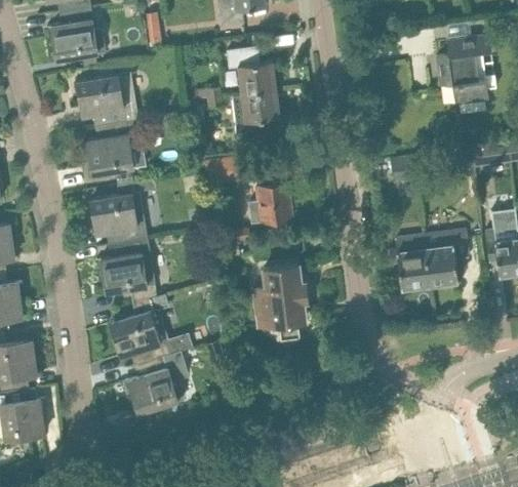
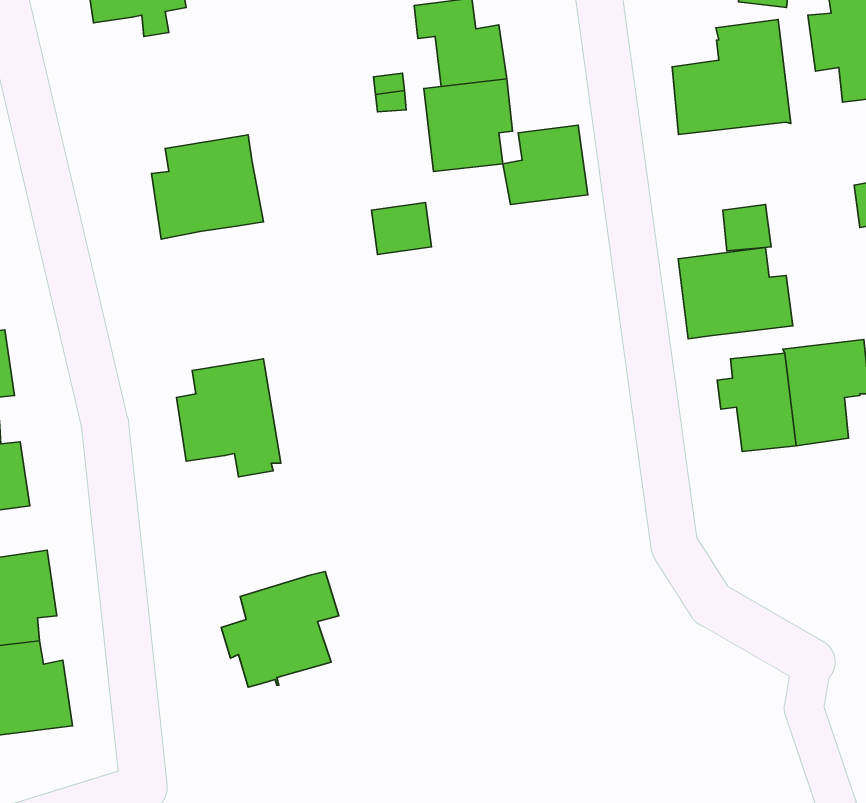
building: none -> [672,19,791,134]
building: [77,73,138,127] -> none
building: [90,177,156,245] -> none
building: none -> [678,247,793,339]
building: [247,182,292,225] -> [503,125,588,204]
building: [251,265,306,340] -> none
building: [110,309,171,365] -> none

